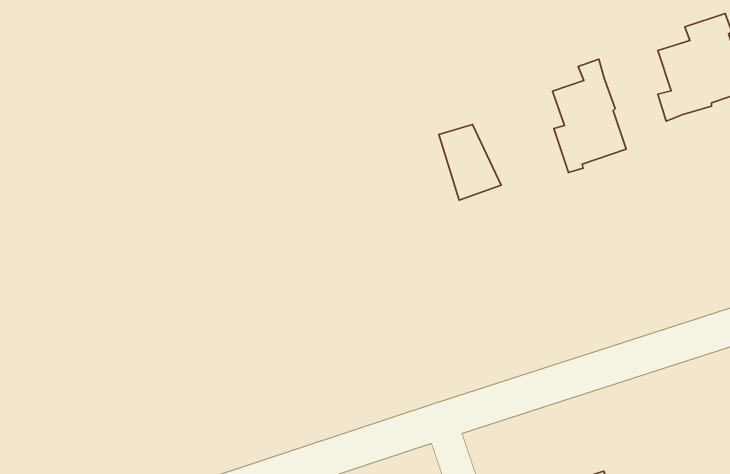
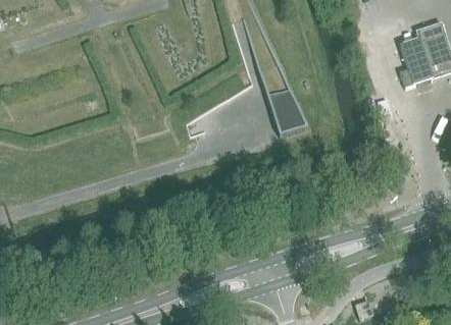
building: [553,59,626,173] -> none

